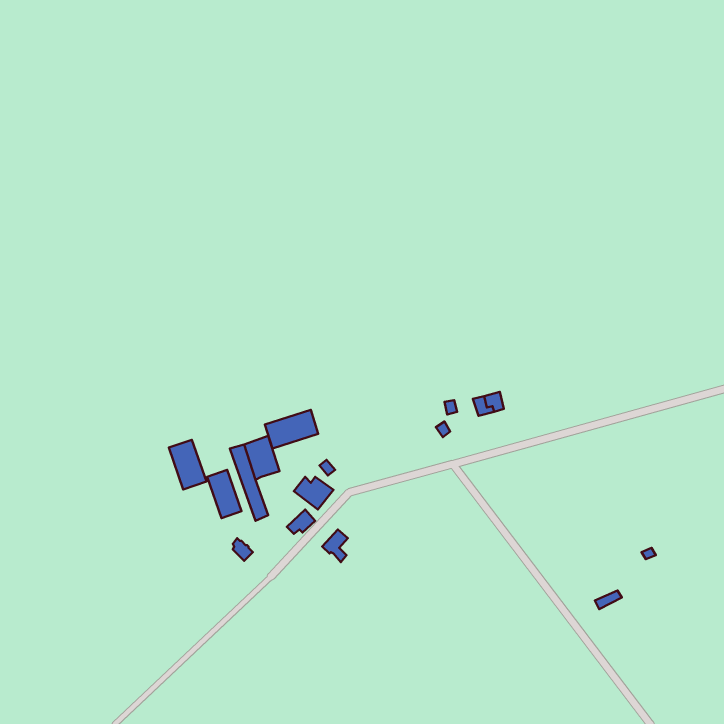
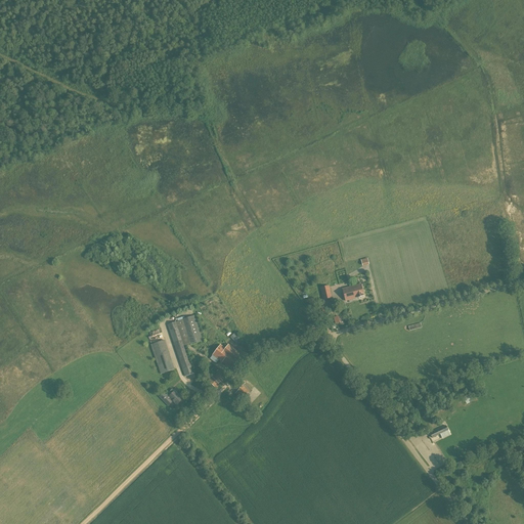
building: [265,410,318,449] -> none
building: [169,440,206,489] -> none

